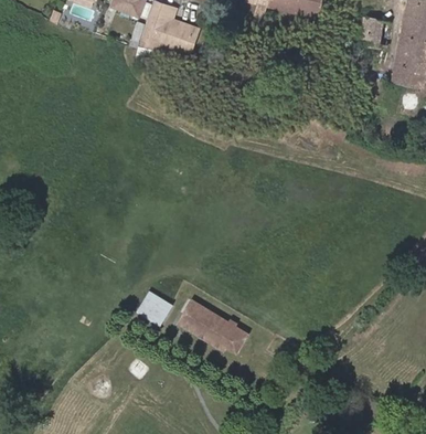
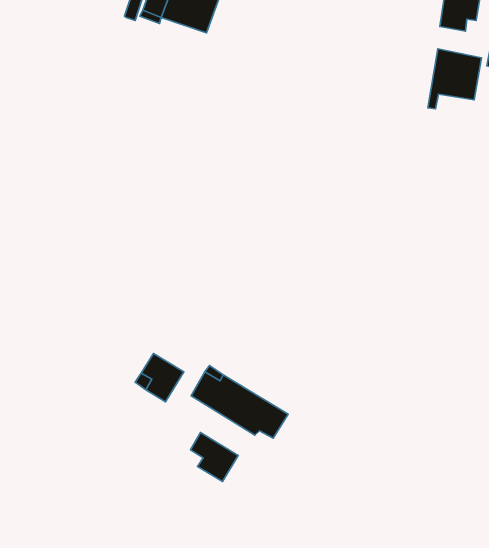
building: none -> [428,49,481,109]
building: none -> [190,433,238,481]

